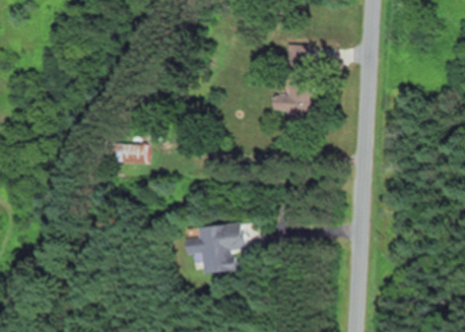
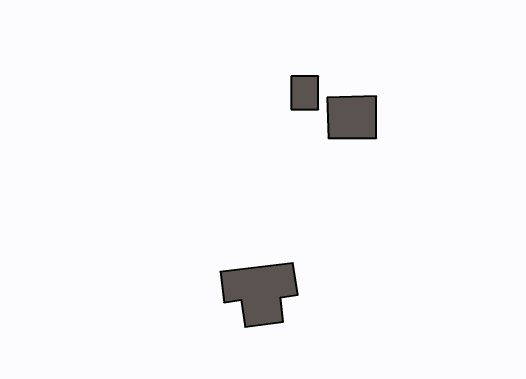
building: [286,43,309,70] -> [291,76,318,109]
building: [112,143,148,163] -> none

